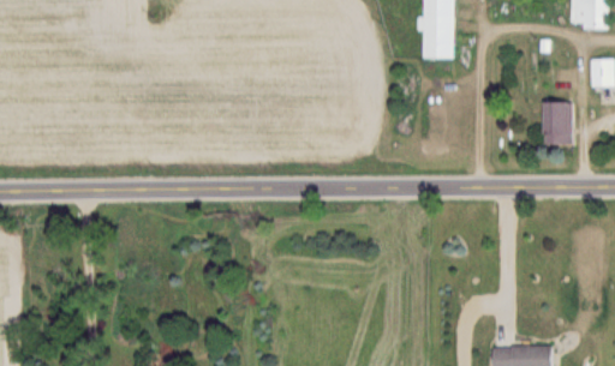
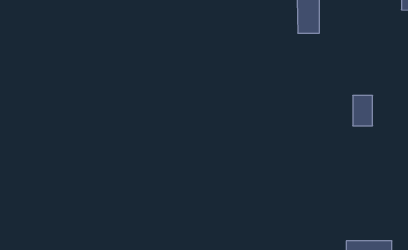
building: [543,103,571,145] -> [353,96,373,126]

